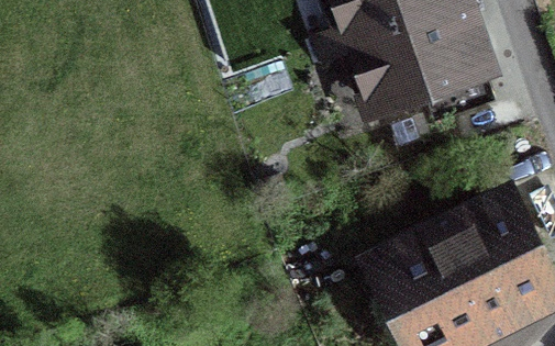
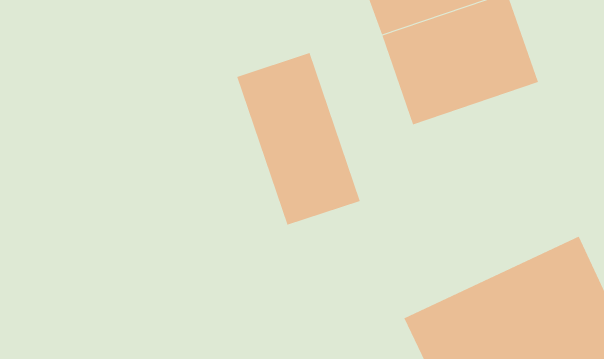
building: none -> [237,52,360,226]

